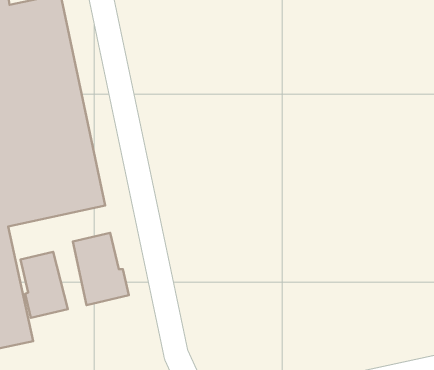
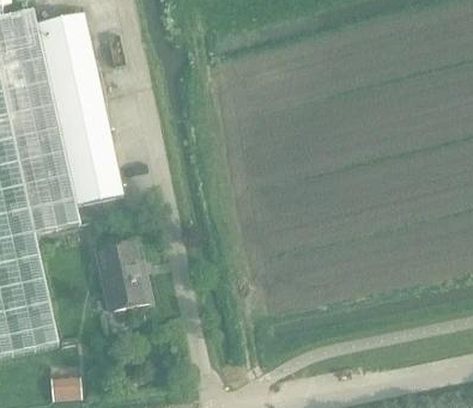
building: [21,252,68,318] -> none

